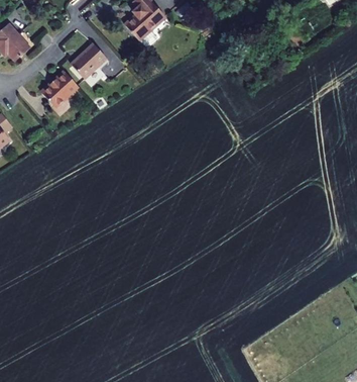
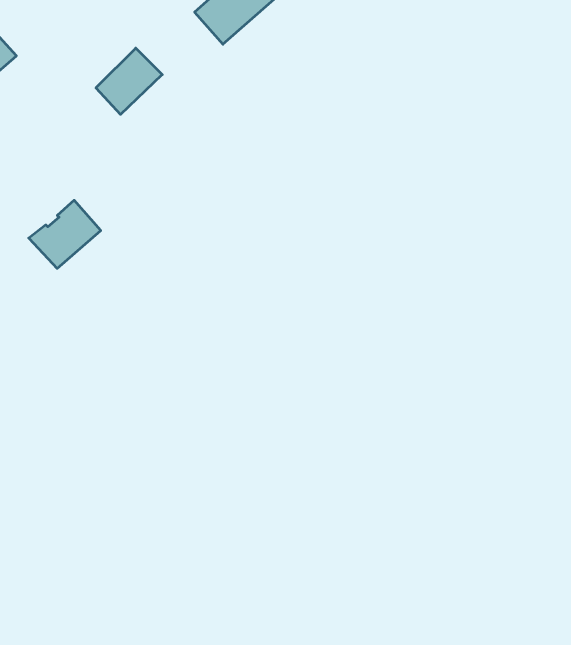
building: [42,70,81,106] -> [29,200,101,268]

